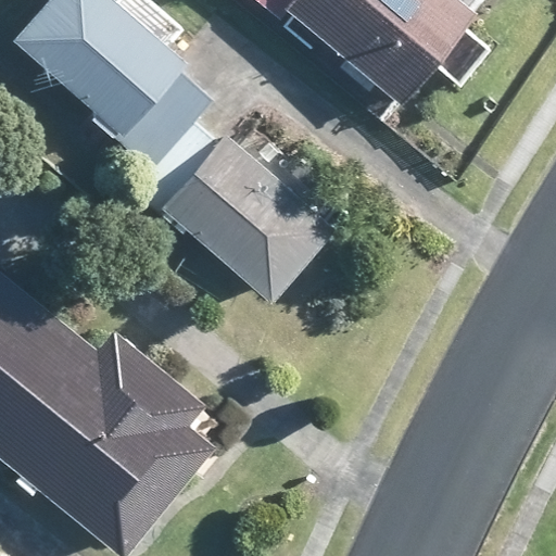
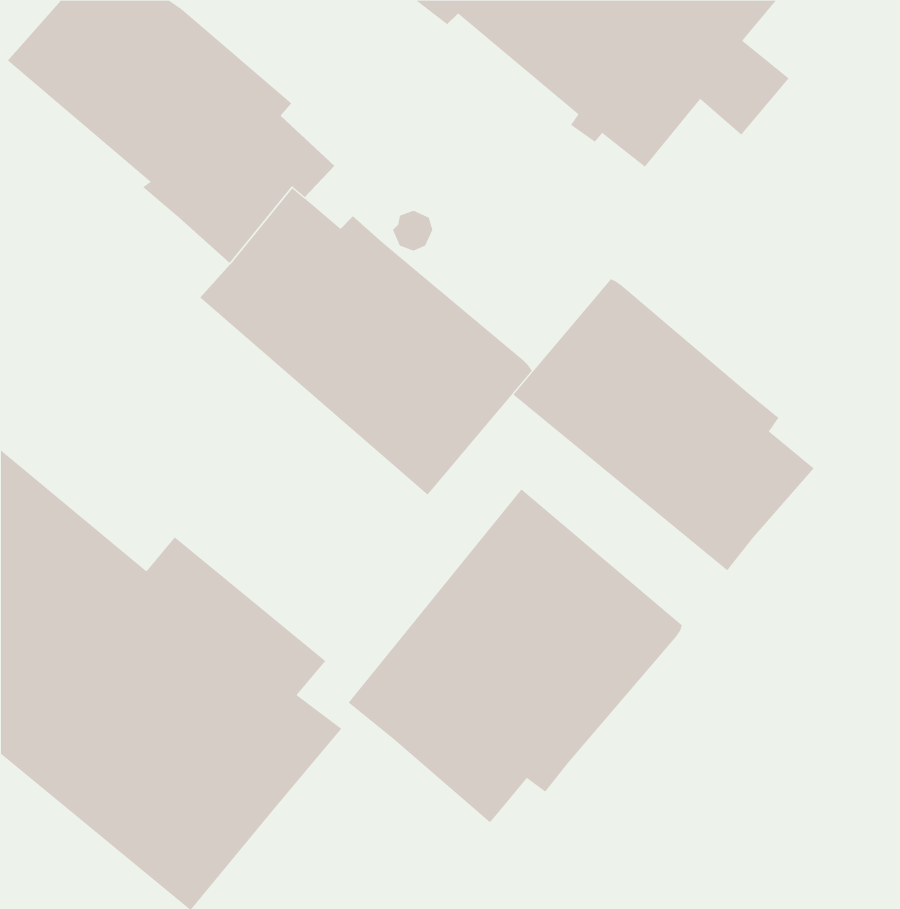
building: none -> [513,278,814,571]
building: none -> [348,489,683,823]

